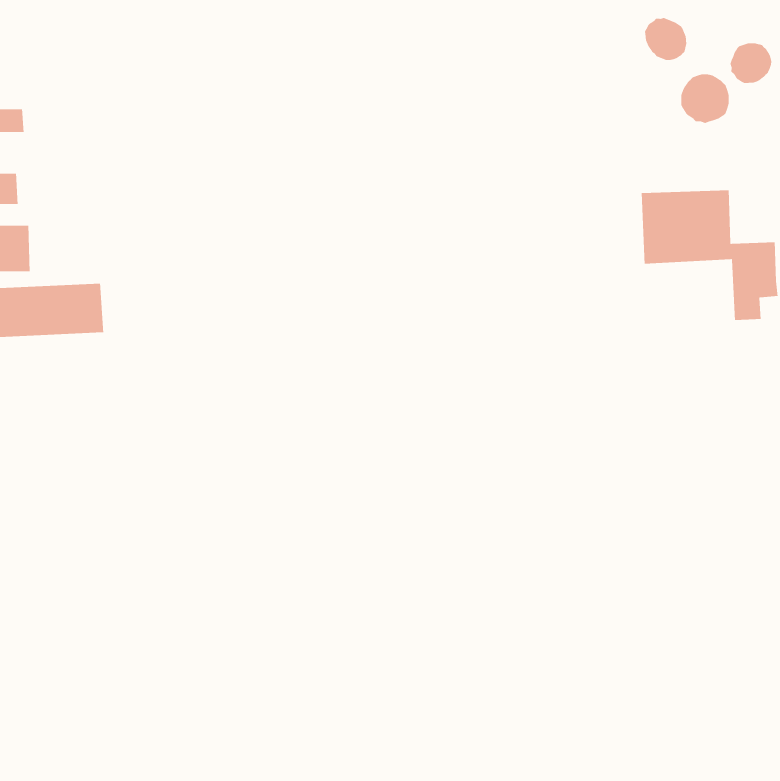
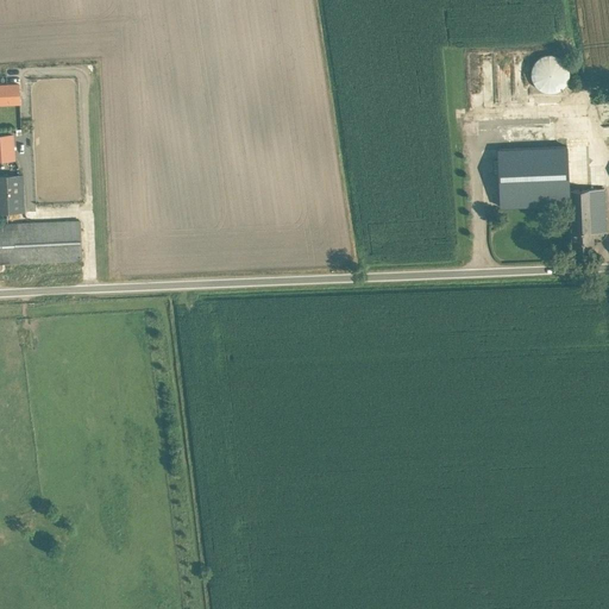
building: [644,17,687,61] -> none
building: [730,42,772,84] -> none

